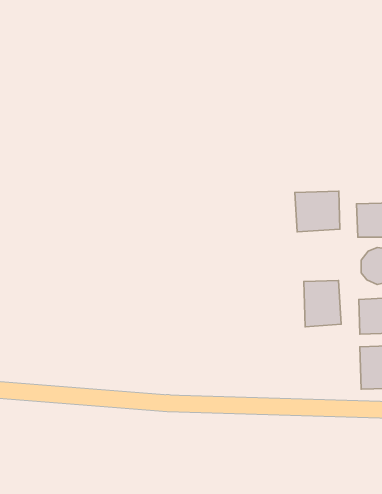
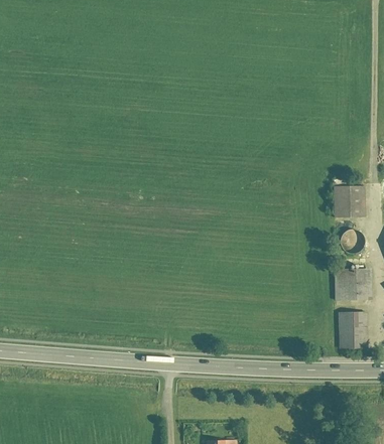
building: [295,191,340,232] -> none
building: [304,280,341,327] -> none

